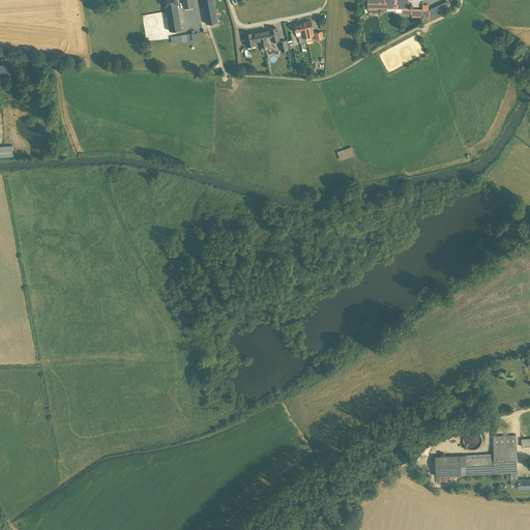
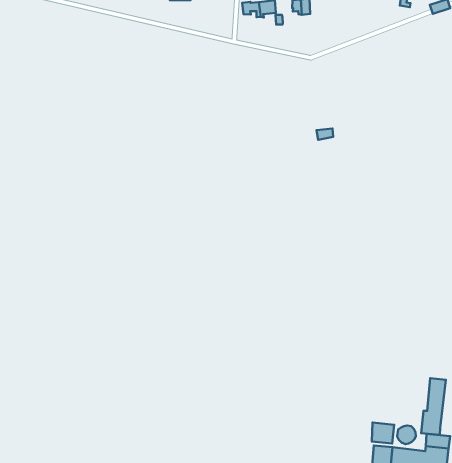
building: none -> [421,378,446,435]
building: none -> [372,423,394,443]

